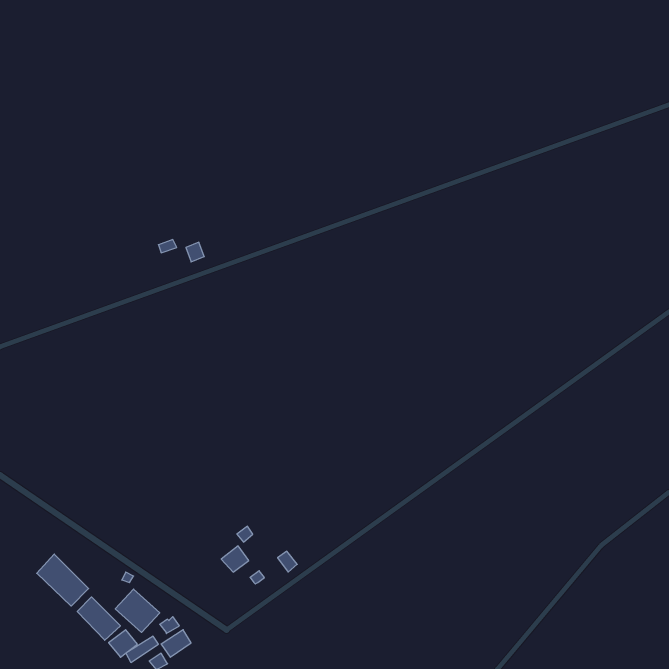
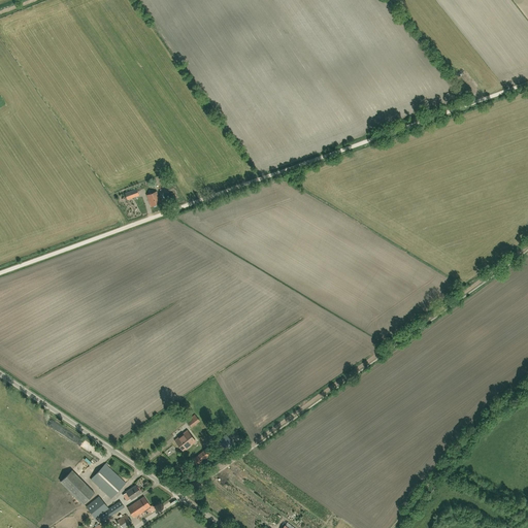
building: [37,554,89,606] -> none

